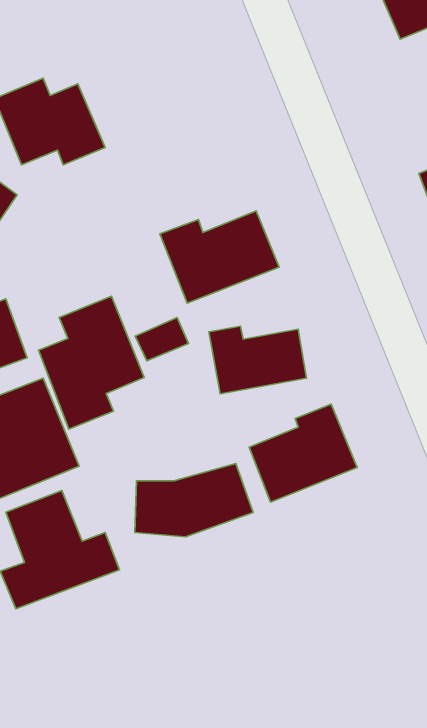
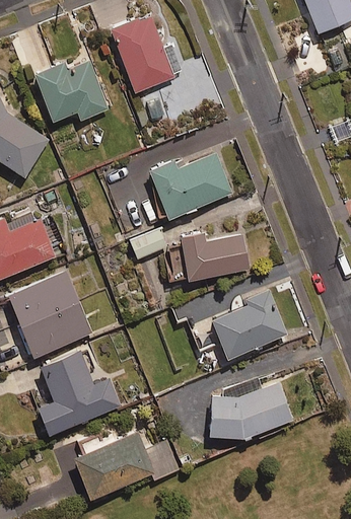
building: none -> [111,15,184,92]
building: [38,296,144,429] -> none
building: [135,463,253,537] -> [210,386,293,438]
building: none -> [55,433,181,510]

